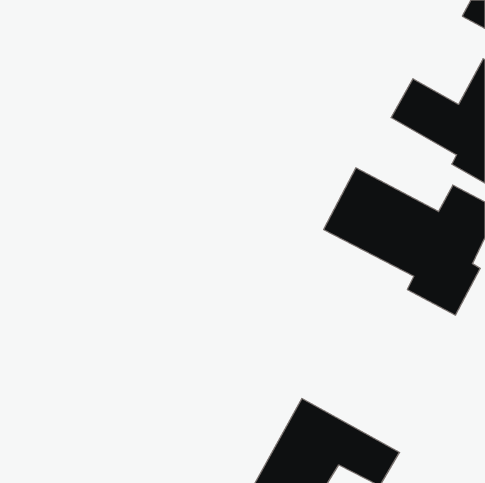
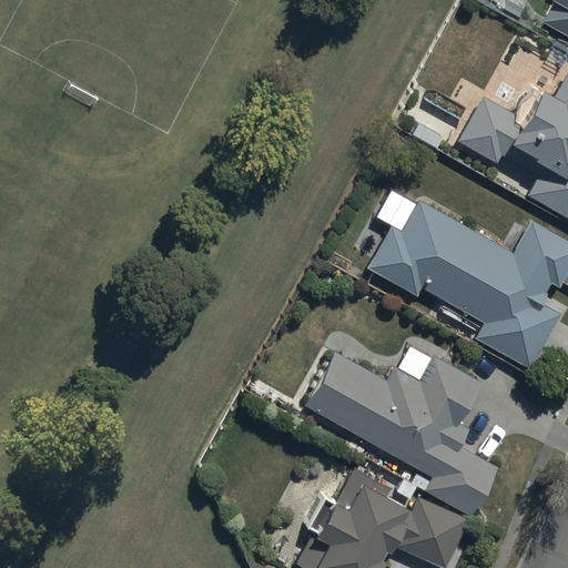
building: none -> [302,353,503,510]

